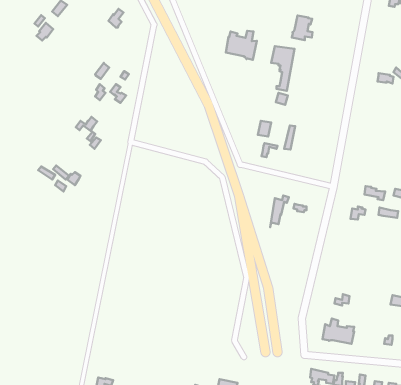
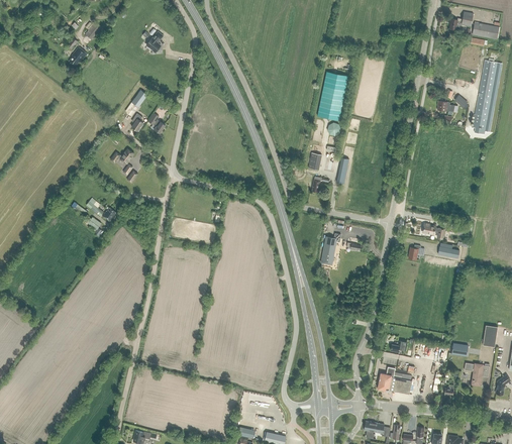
building: [292,15,312,40] -> none
building: [226,31,257,60] -> none

